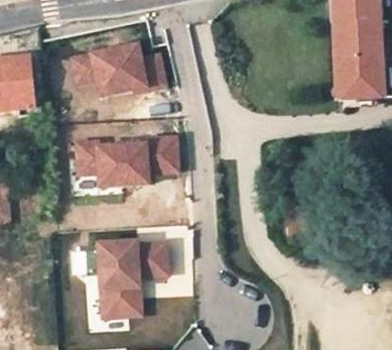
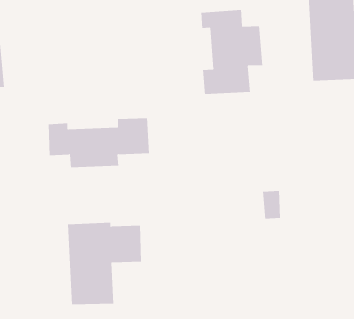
building: none -> [201,9,263,95]
building: [73,45,166,97] -> none

